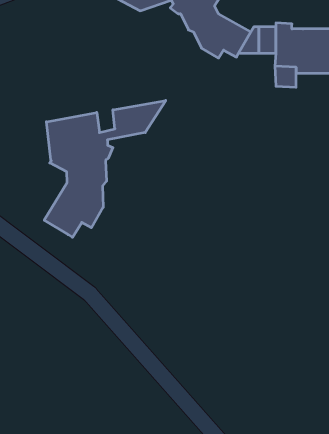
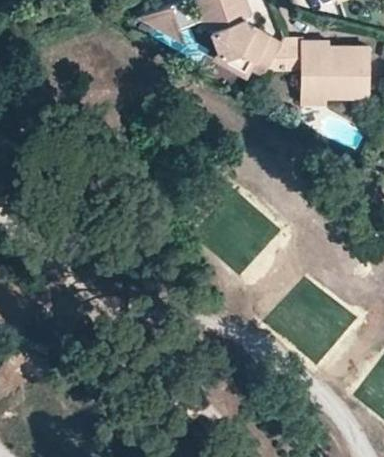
building: [44,100,166,237] -> none

